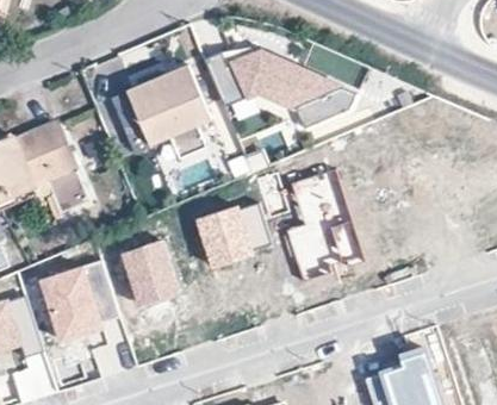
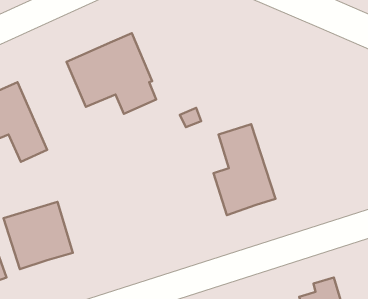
building: [215,52,354,127] -> none
building: [193,204,266,268] -> none
building: [118,237,178,305] -> none

